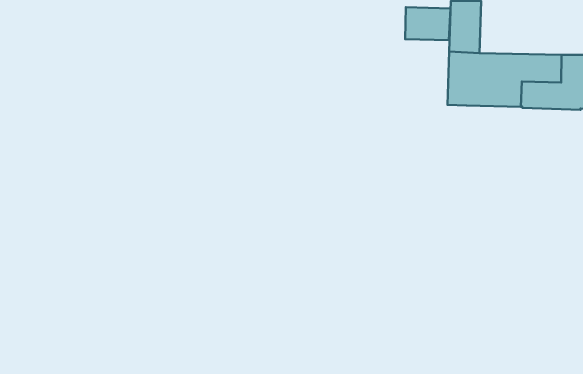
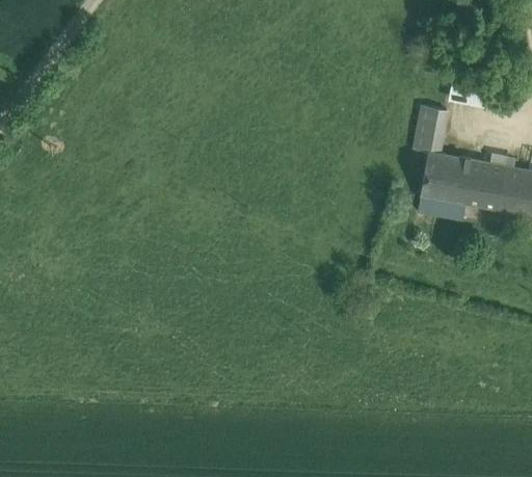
building: [405,7,451,40] -> none
building: none -> [418,194,467,220]

